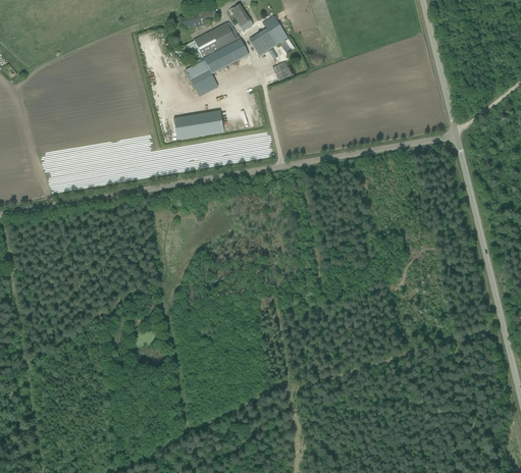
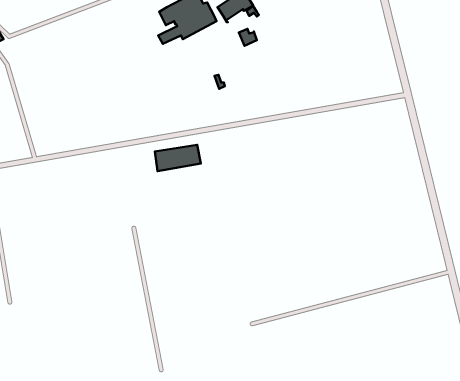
building: [190,70,216,96] -> none
building: [173,110,223,139] -> [155,145,201,171]

